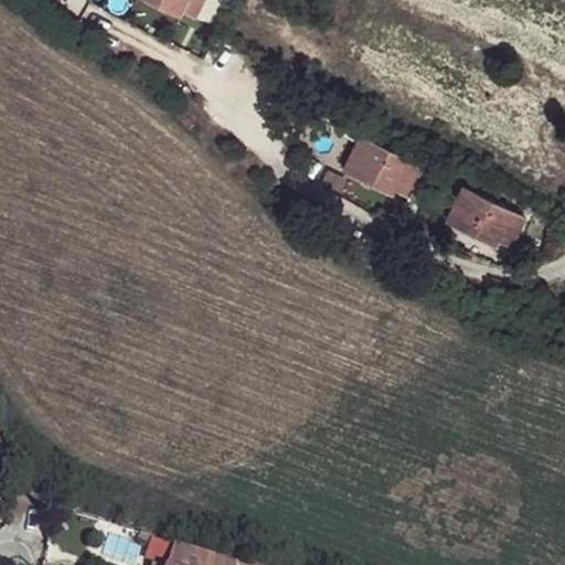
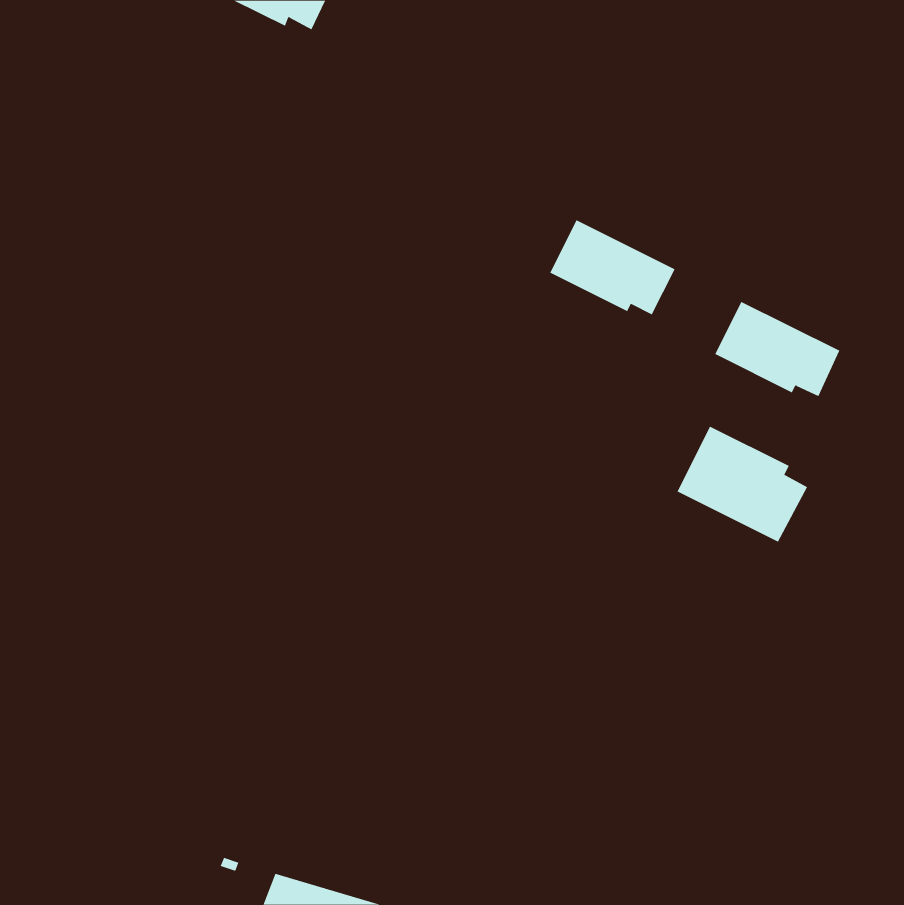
building: none -> [677,426,808,542]

